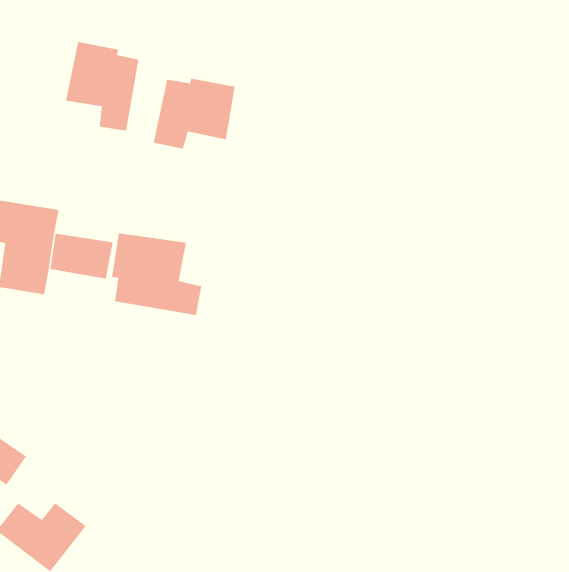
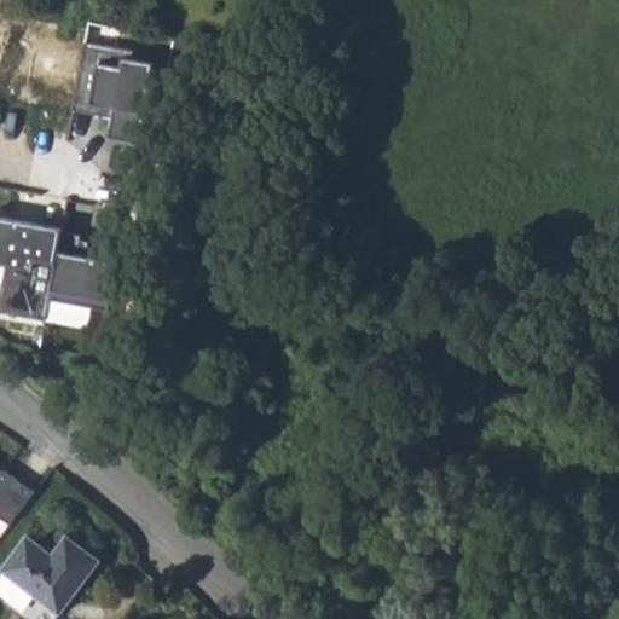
building: [153,78,235,150] -> none
building: [111,233,202,316] -> none

